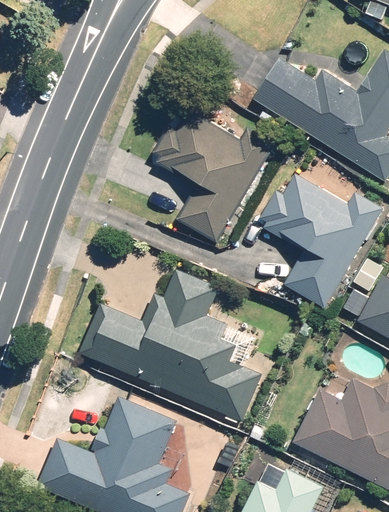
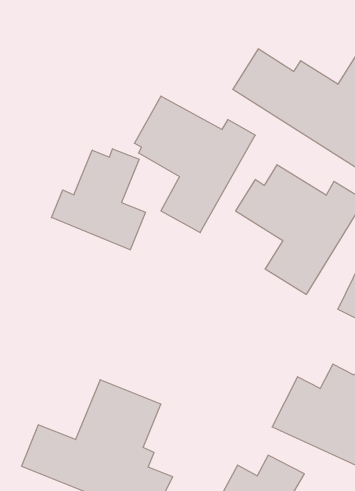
building: none -> [51,149,145,250]
building: [79,269,262,423] -> none

